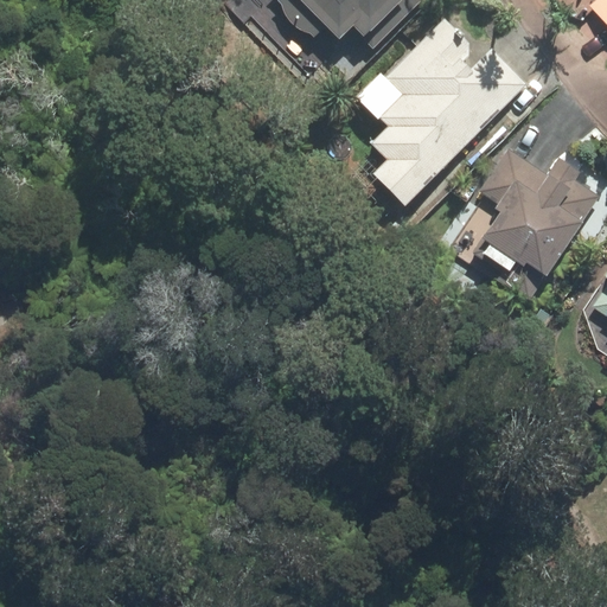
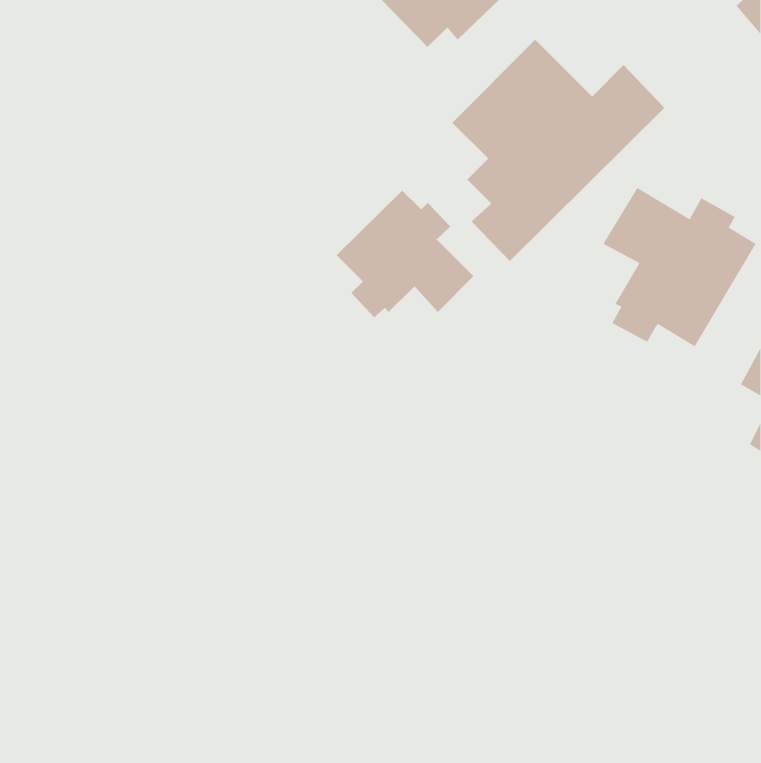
building: none -> [336,190,474,318]

